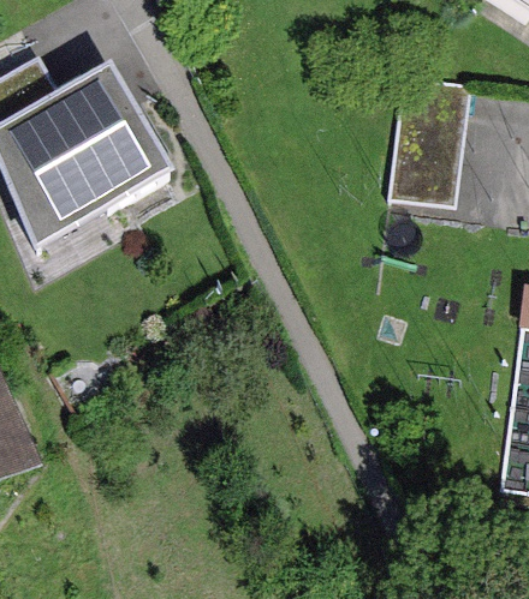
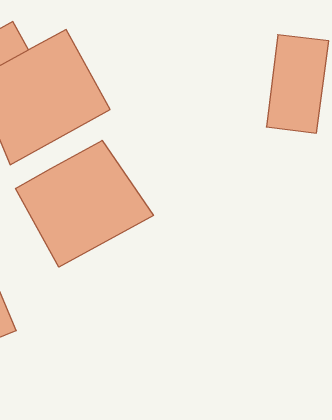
building: none -> [16,140,153,267]

